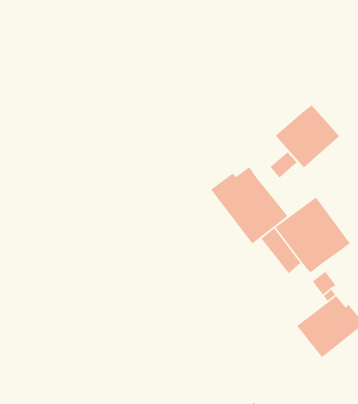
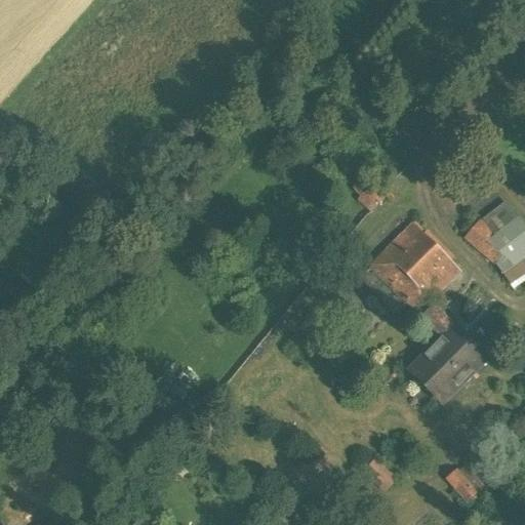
building: [275,104,340,168] -> none
building: [210,166,289,244] -> none

